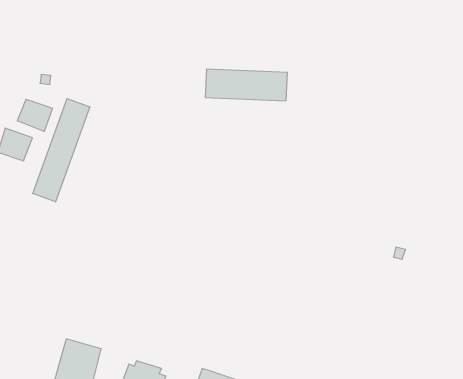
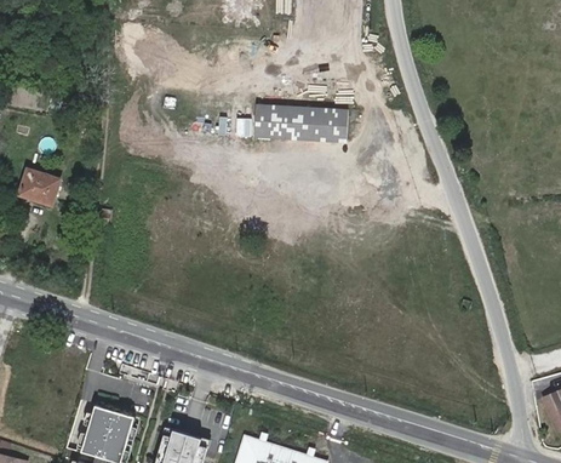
building: [33,99,90,202] -> none
building: [17,99,53,131] -> none

